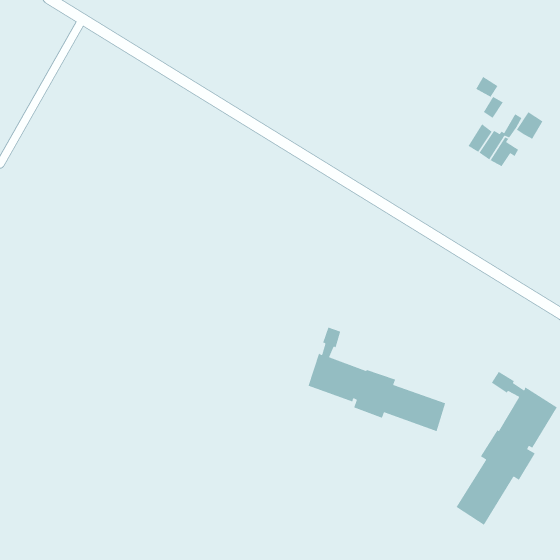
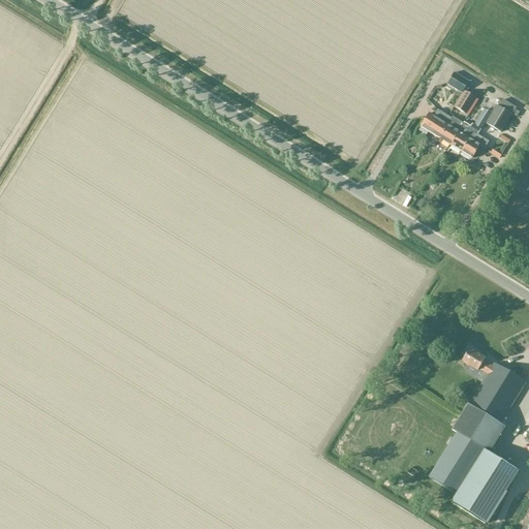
building: none -> [422,108,455,137]
building: [308,327,446,432] -> none
building: none -> [453,448,519,522]

